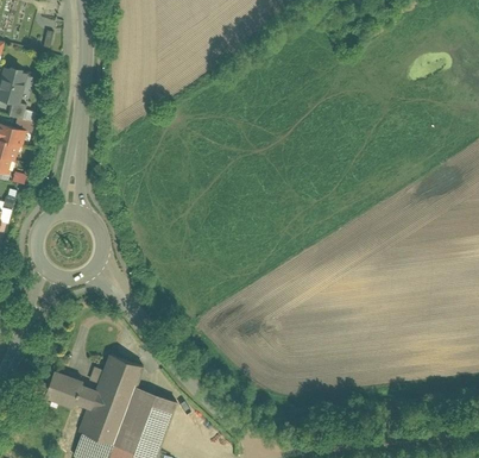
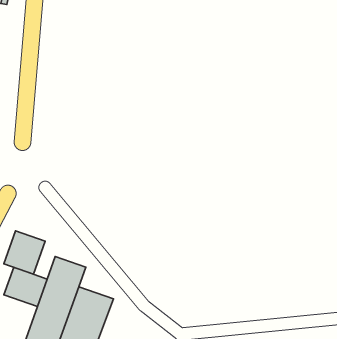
building: none -> [4,231,45,274]

